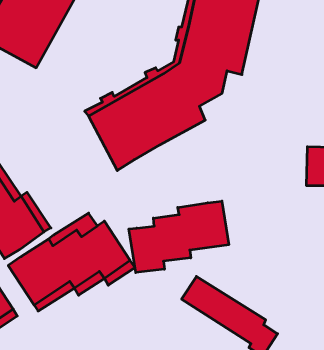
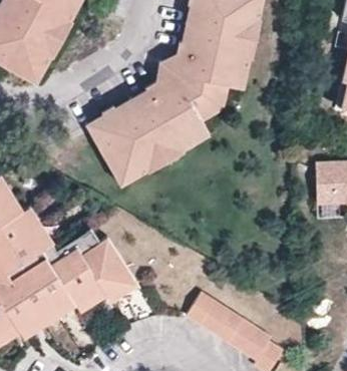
building: [129,201,229,273] -> none

